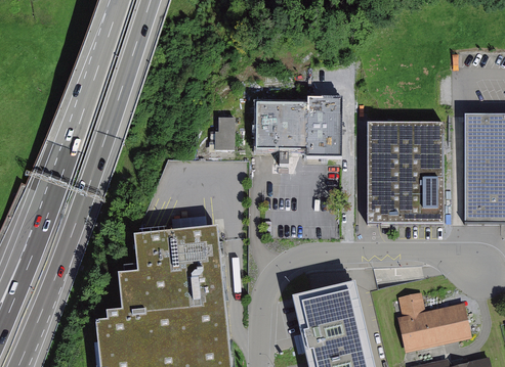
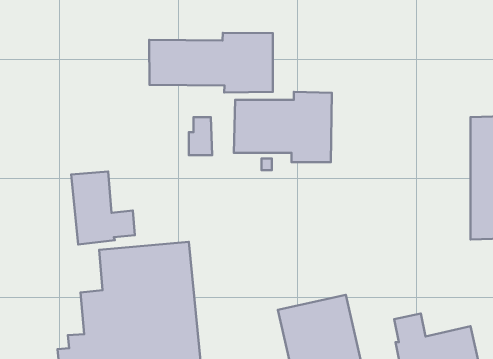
building: none -> [149,33,273,92]
building: [367,125,444,224] -> none
building: none -> [71,171,135,244]

